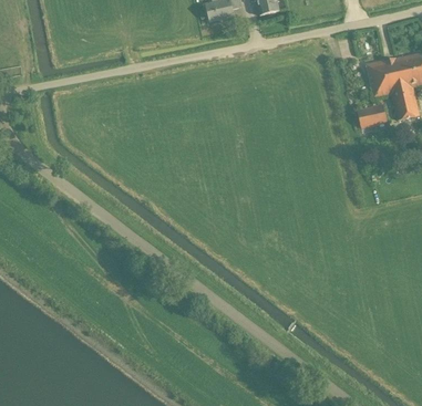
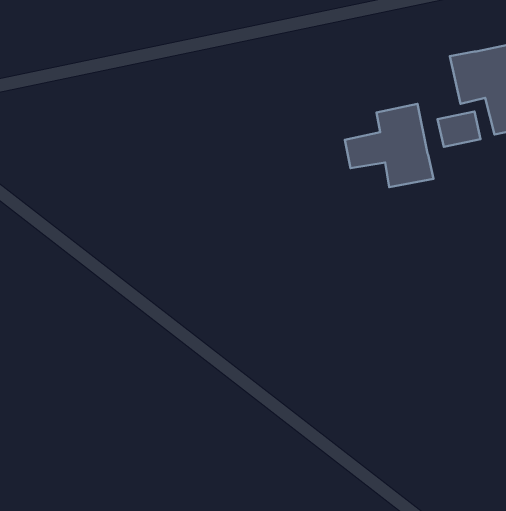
building: none -> [345,104,433,187]

